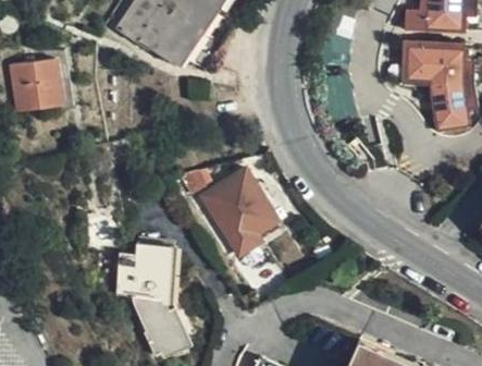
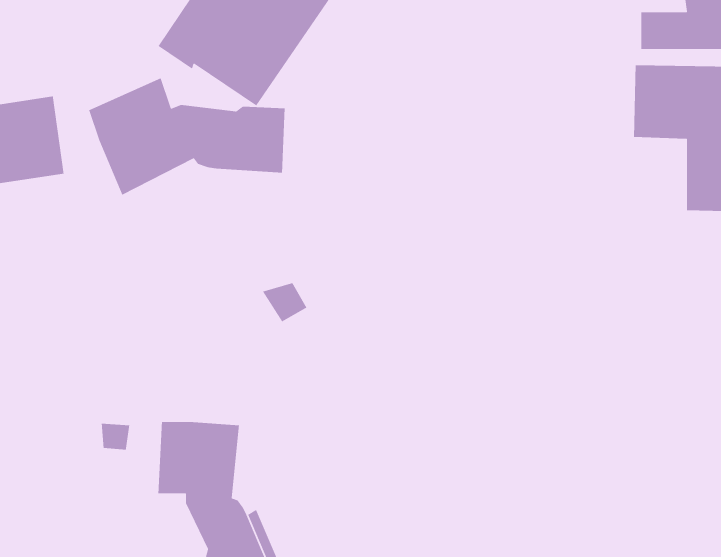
building: none -> [88,77,285,196]
building: [203,169,280,257] -> none
building: [136,243,177,309] -> none

